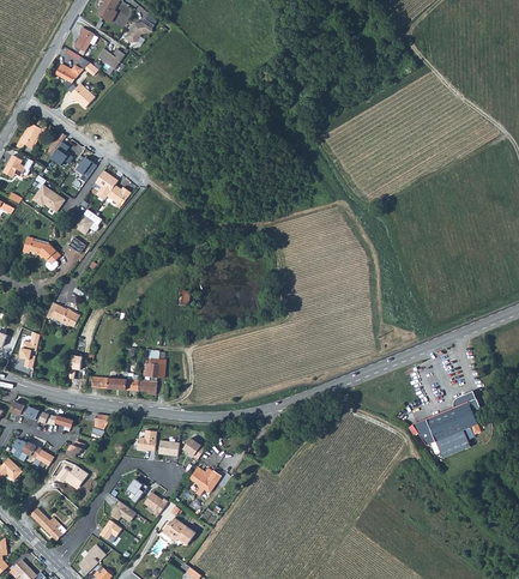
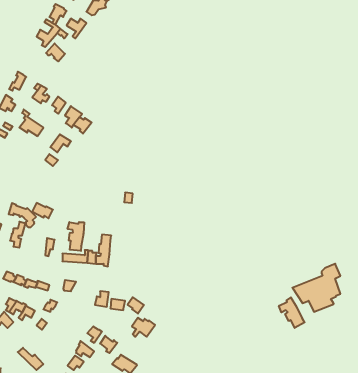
building: [22,236,60,270] -> [9,203,36,227]
building: none -> [68,222,84,251]
building: none -> [279,297,305,328]

